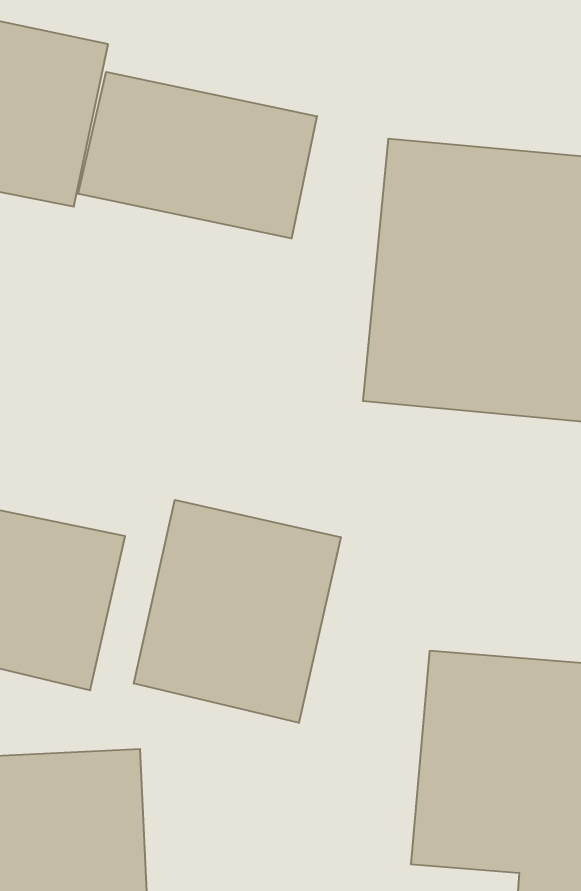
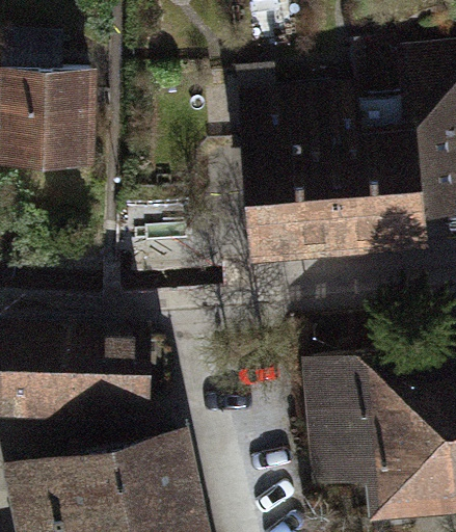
building: [78,72,317,239] -> none
building: [134,500,341,723] -> none

